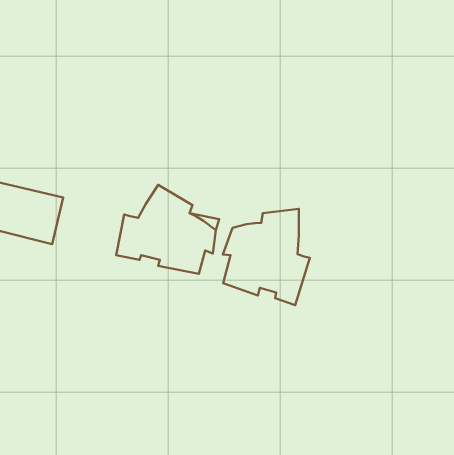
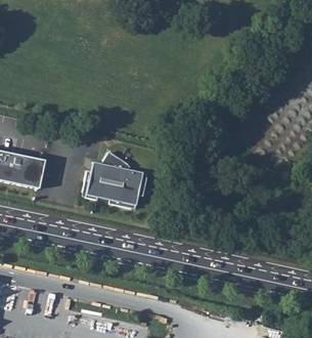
building: [223,209,310,305] -> none

